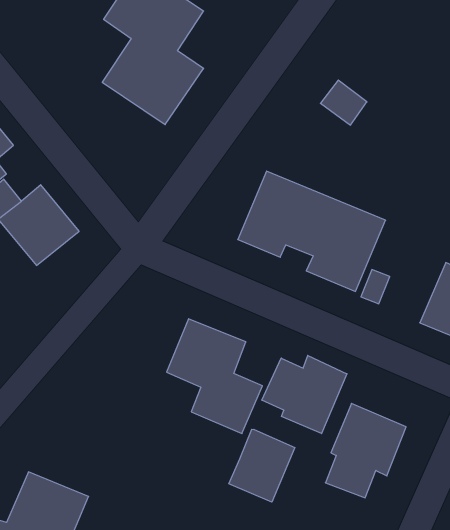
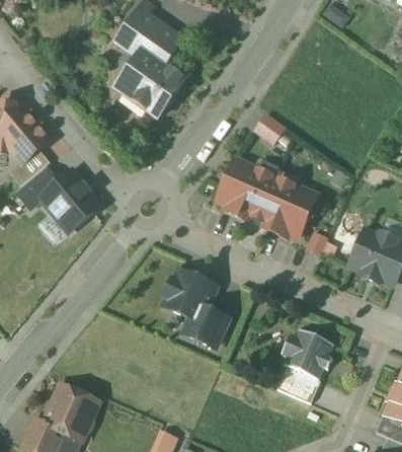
building: [320,80,367,125] -> [253,112,288,146]
building: [262,355,347,434] -> none
building: [229,429,295,502] -> none

